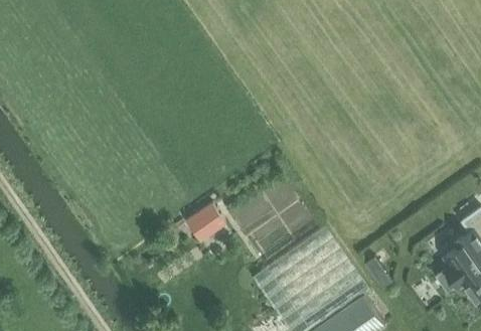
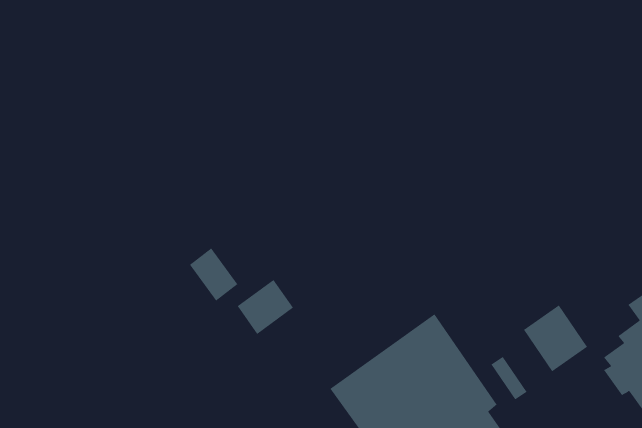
building: none -> [189,247,238,301]
building: none -> [523,304,588,372]

